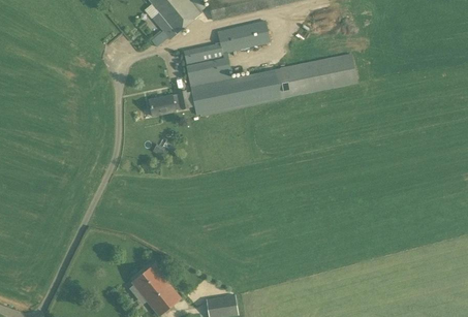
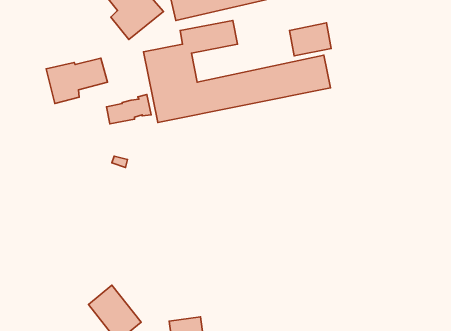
building: none -> [289,23,331,56]
building: none -> [46,58,108,104]

